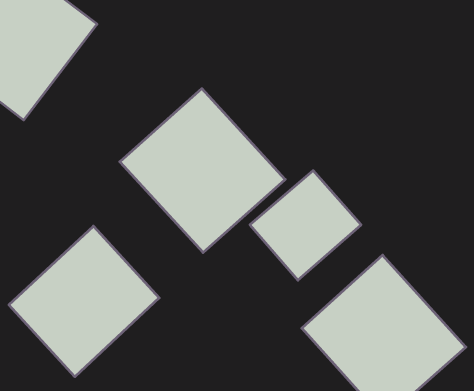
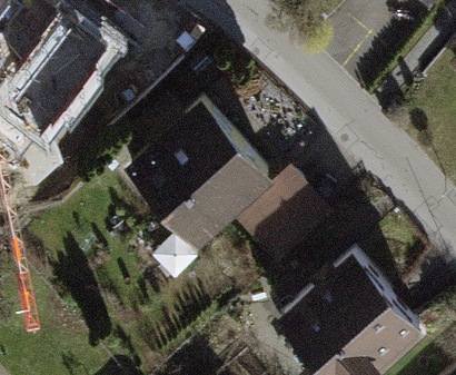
building: [9,226,159,377] -> none

